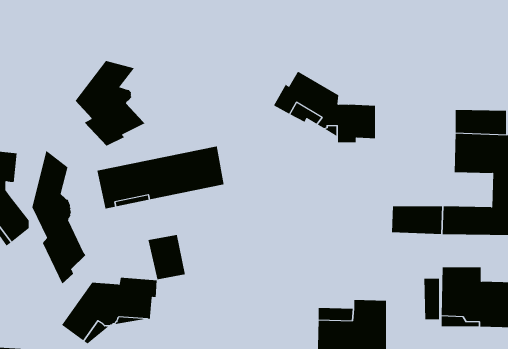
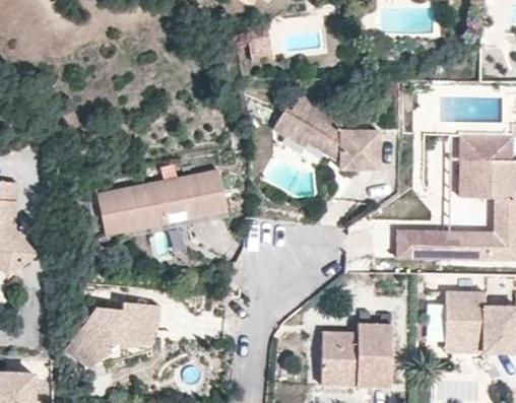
building: [75,60,146,146] -> none
building: [32,150,86,284] -> none
building: [148,234,186,280] -> none

